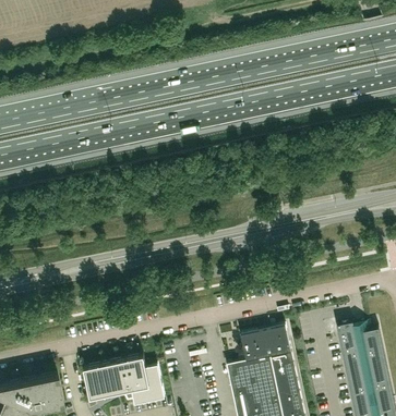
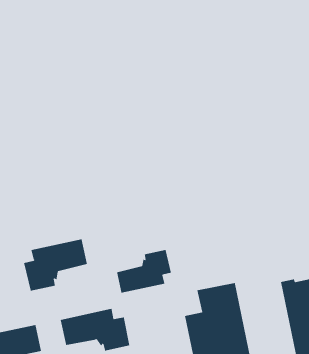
building: none -> [24,238,87,291]
building: none -> [116,249,172,294]

